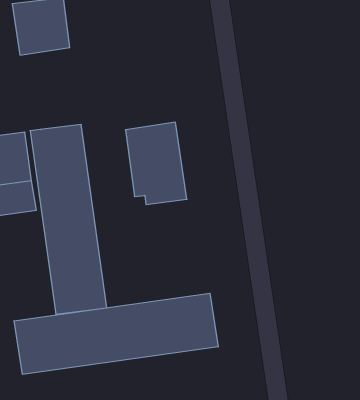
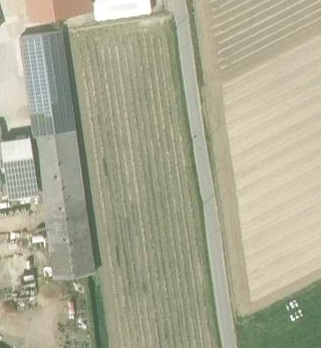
building: [125,122,187,204] -> [25,70,73,134]
building: [14,293,218,374] -> none

